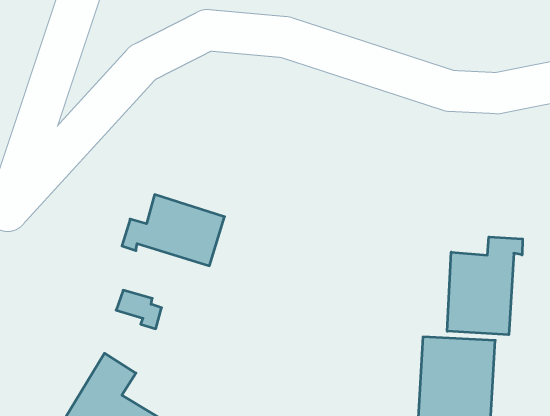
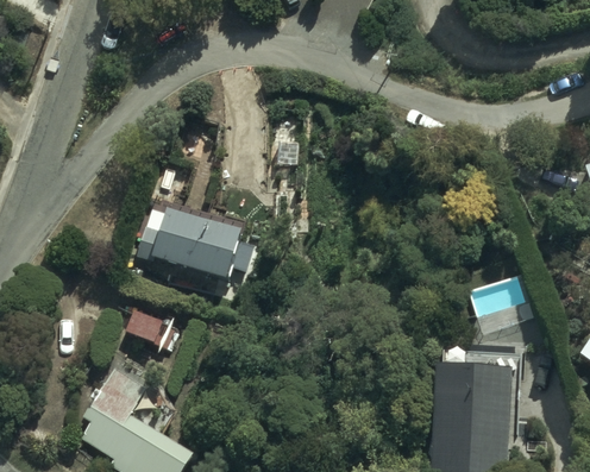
building: [447,237,523,335] -> none

